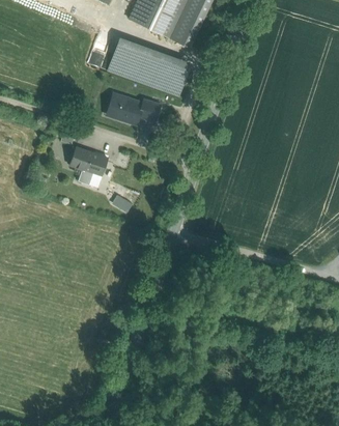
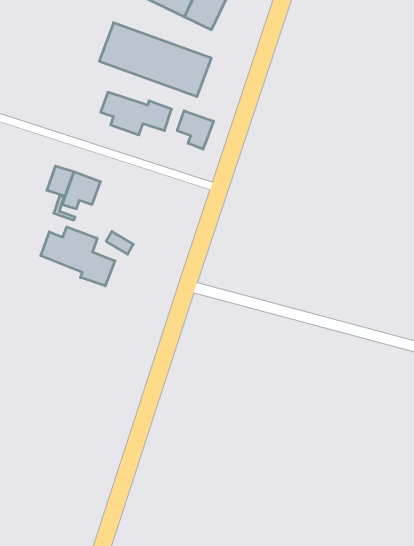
building: none -> [177,111,214,149]
building: none -> [41,227,115,286]

